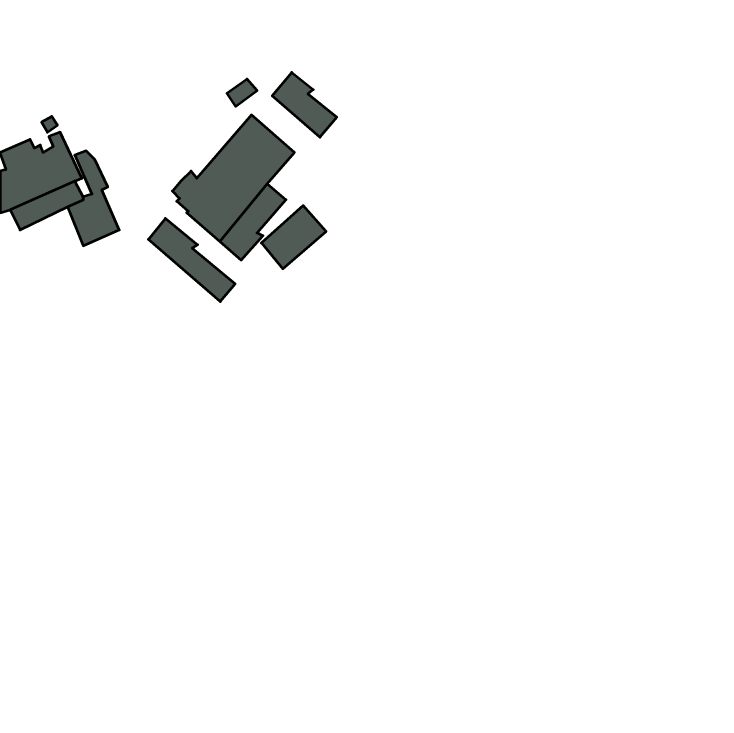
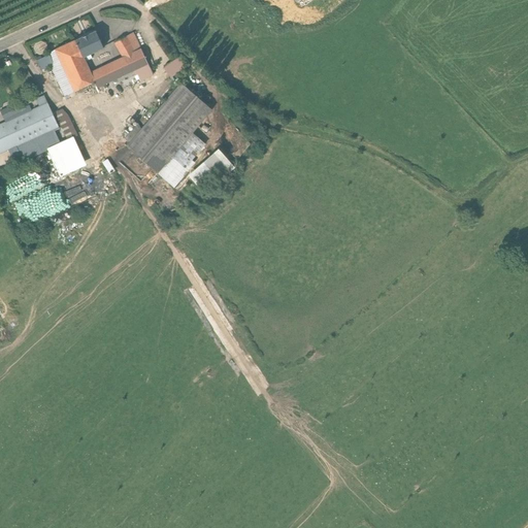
building: none -> [36,31,153,96]
building: [272,72,337,137] -> none
building: [148,218,235,302] -> none

